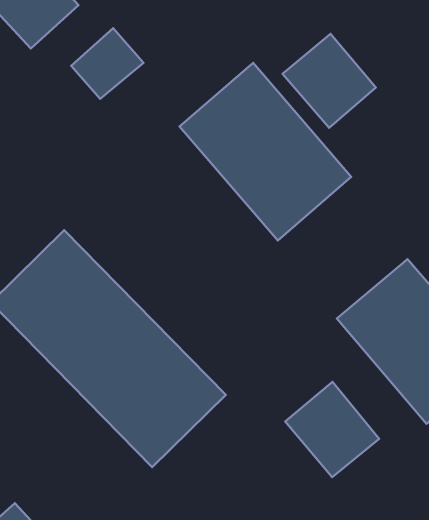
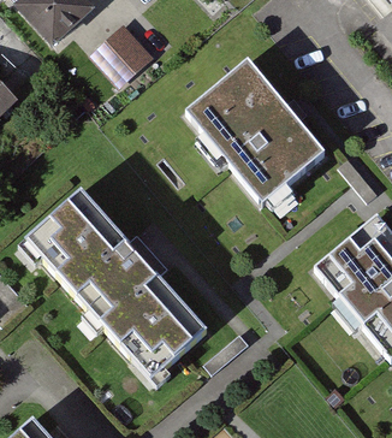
building: [282,34,376,128] -> none
building: [285,382,379,477] -> none

